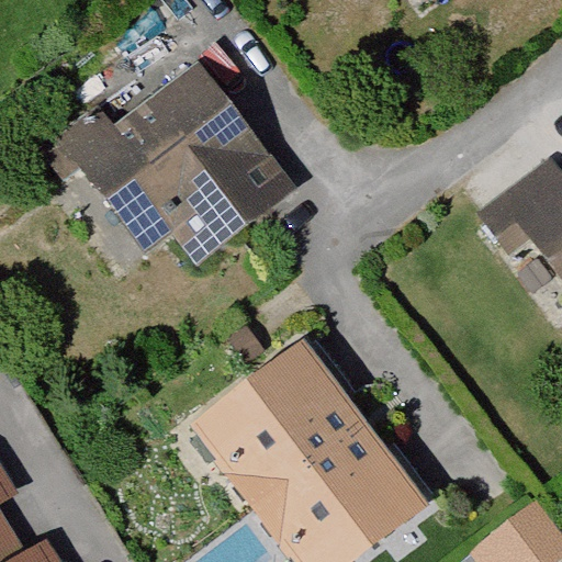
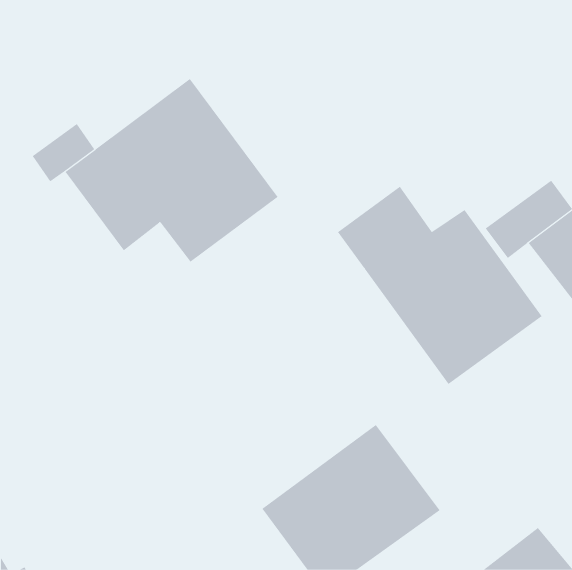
building: none -> [337,186,543,385]
building: [200,331,371,494] -> none

